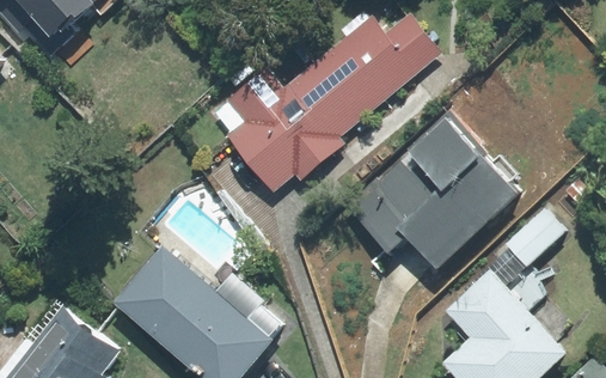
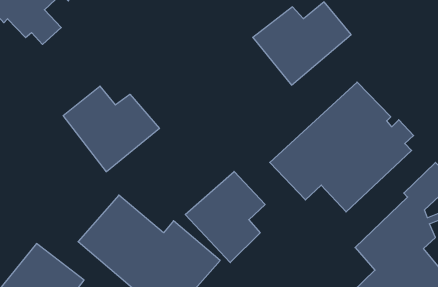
building: [227,56,369,189] -> none
building: none -> [63,86,159,172]
building: none -> [185,171,265,263]

